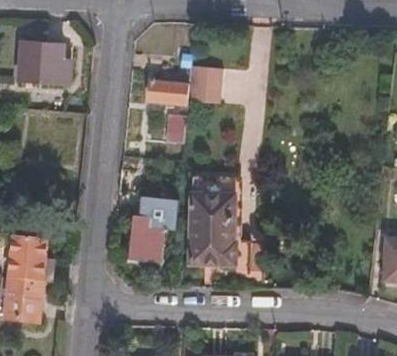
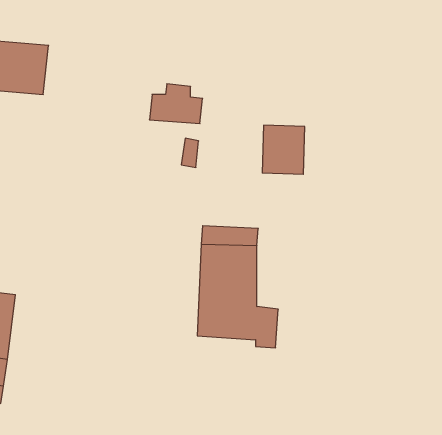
building: [191,64,223,101] -> [262,125,305,174]
building: [128,198,176,263] -> none

